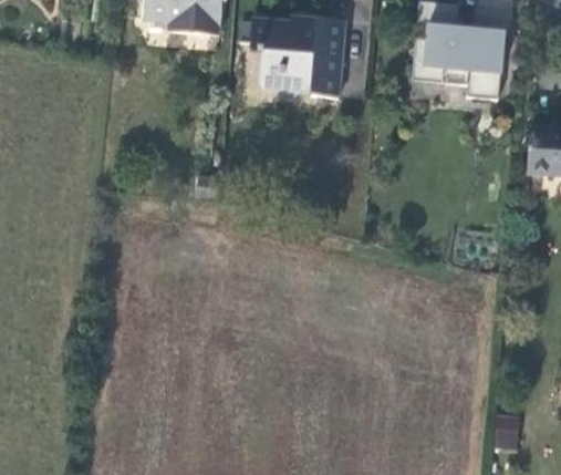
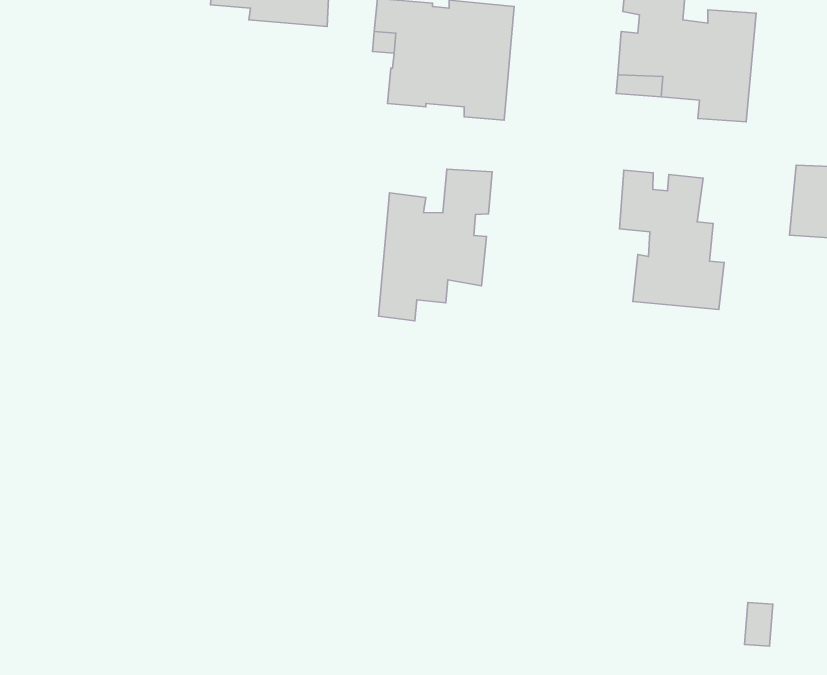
building: none -> [378,169,492,321]
building: none -> [619,170,724,309]

